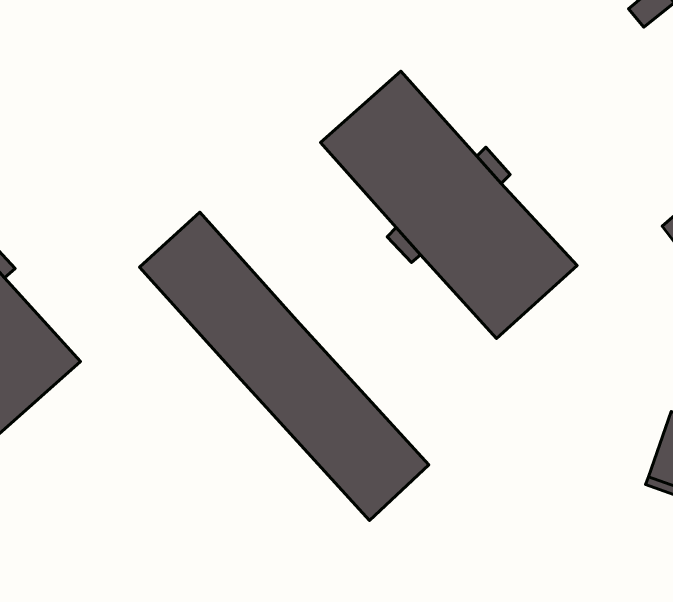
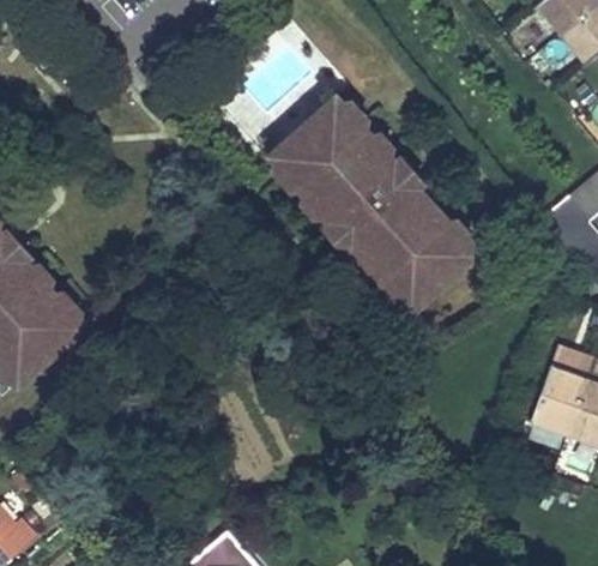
building: [139,212,429,520] -> none

